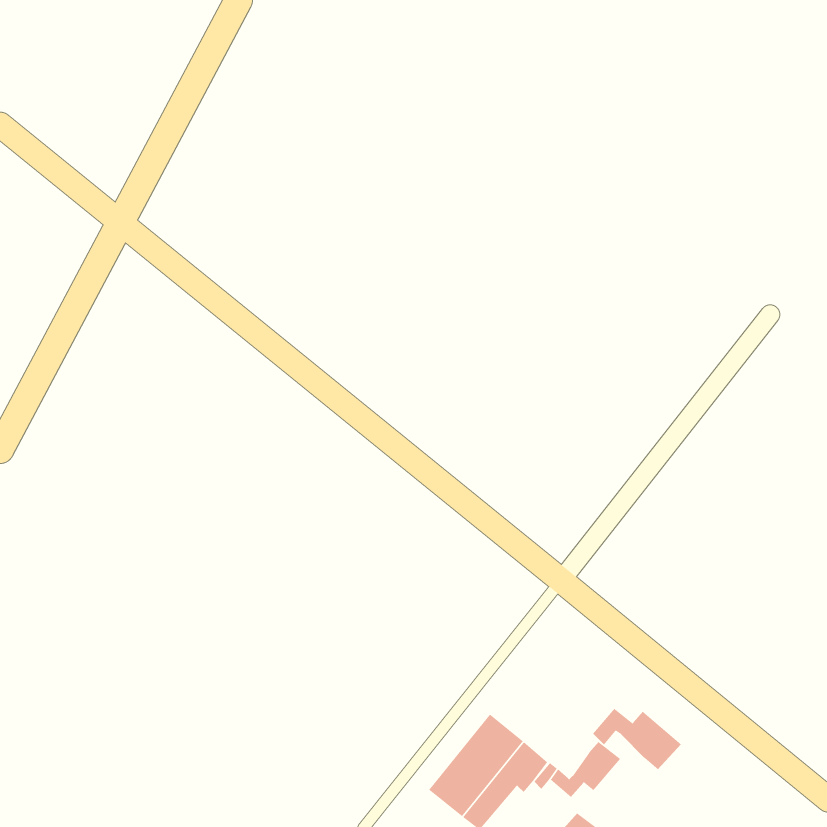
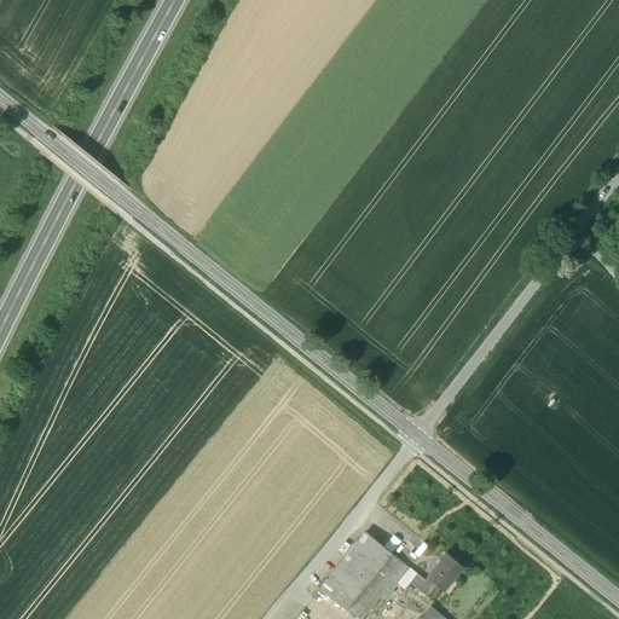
building: [592,708,682,770] -> none

